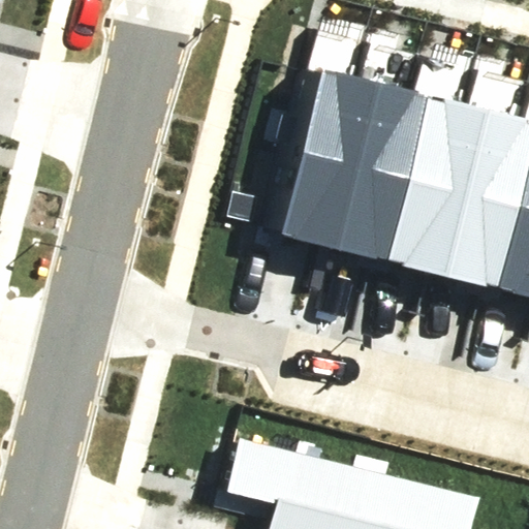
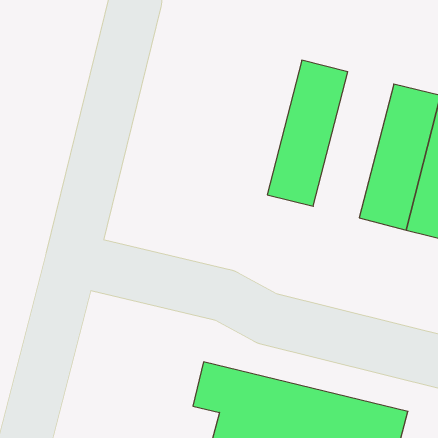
building: [274,73,369,244] -> none
building: [382,100,476,271] -> none

